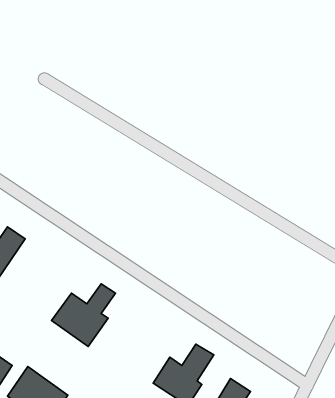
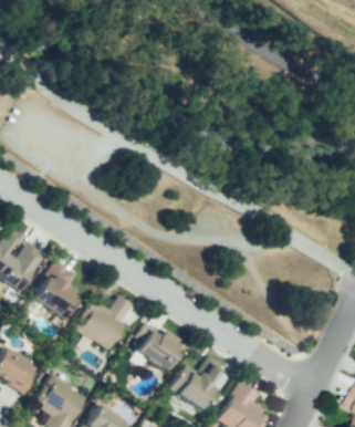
building: none -> [29,261,79,322]
building: none -> [128,317,185,368]

